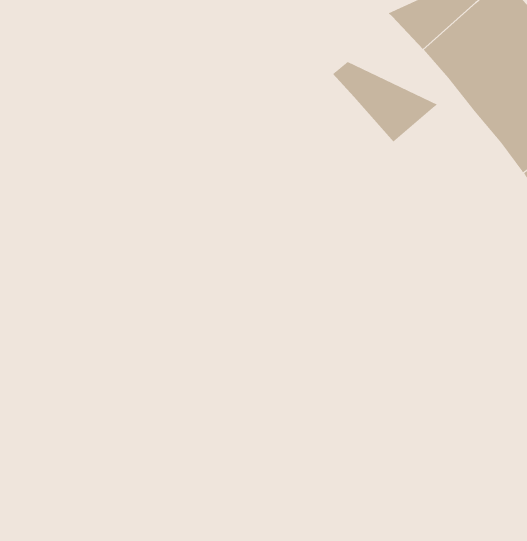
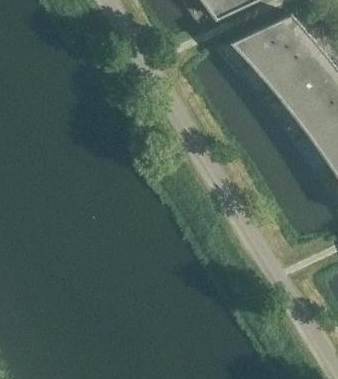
building: [332,61,438,142] -> none

